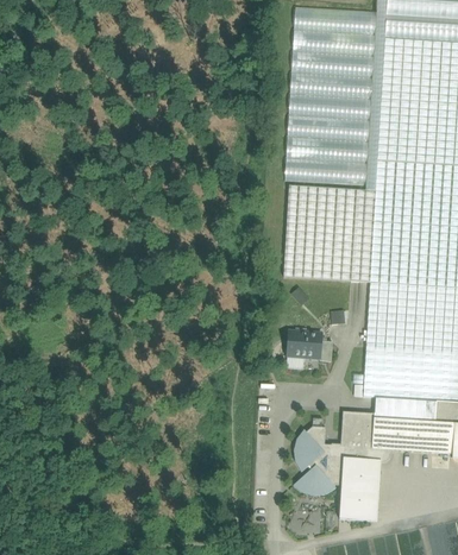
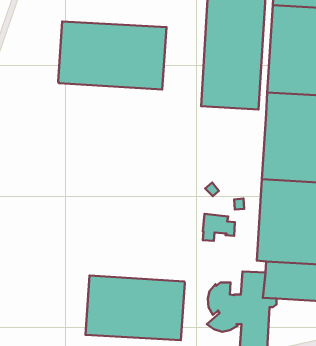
building: none -> [58,21,167,89]
building: [283,185,376,282] -> none
building: none -> [85,275,185,340]

